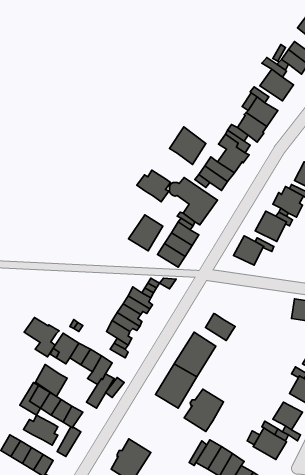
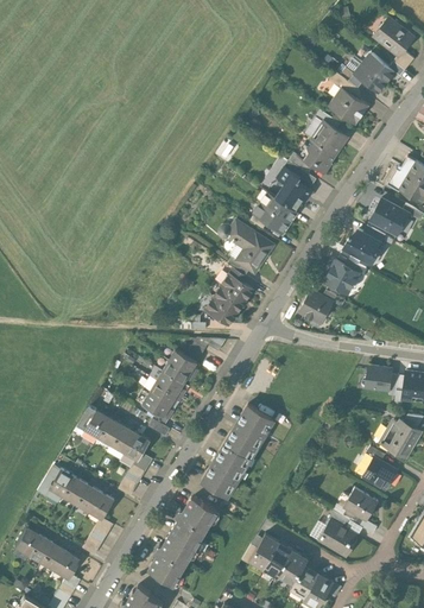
building: [169,127,206,165] -> none
building: [137,170,170,202] -> none
building: [129,215,163,251] -> none
building: [205,313,235,341] -> none
building: [24,317,59,357] -> none
building: [36,365,67,396] -> none
building: [184,389,224,432] -> [170,498,217,549]
building: [24,415,58,445] -> none

